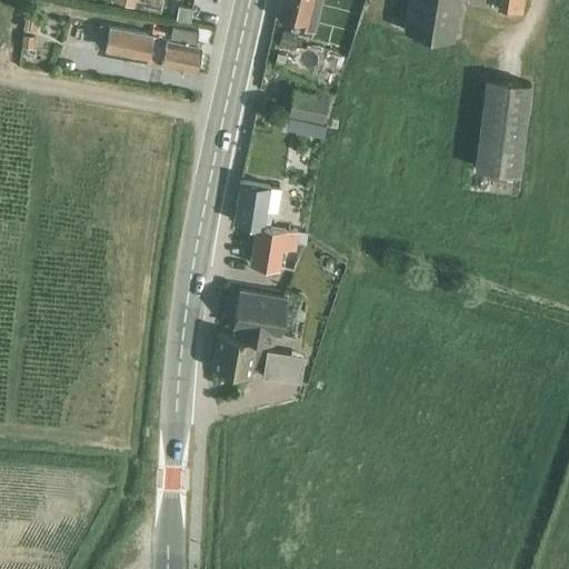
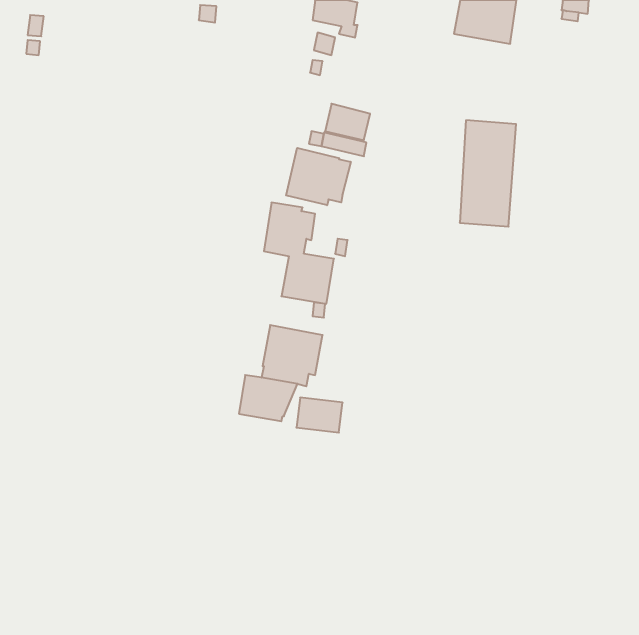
building: [96,26,203,72] -> none
building: [478,81,528,176] -> [460,120,516,227]
building: none -> [286,148,351,205]

